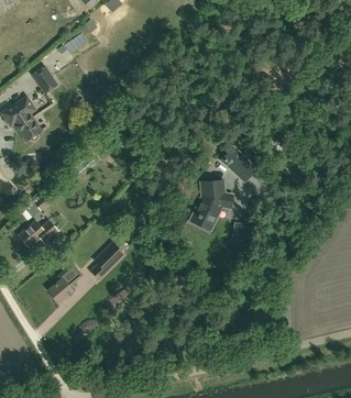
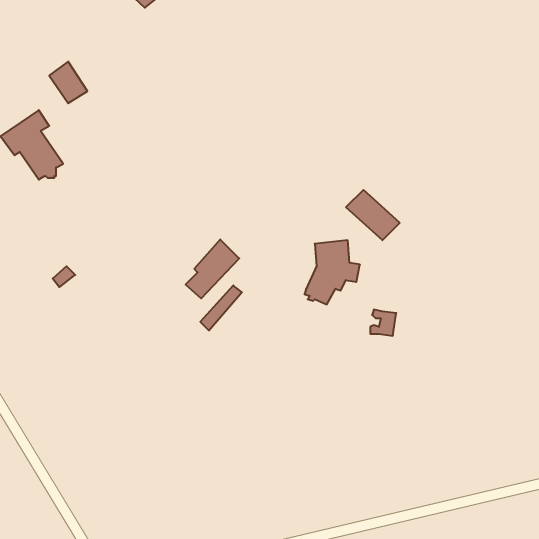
building: [19,219,57,246] -> none
building: [89,241,123,278] -> [186,239,239,298]
building: [48,264,81,301] -> none

